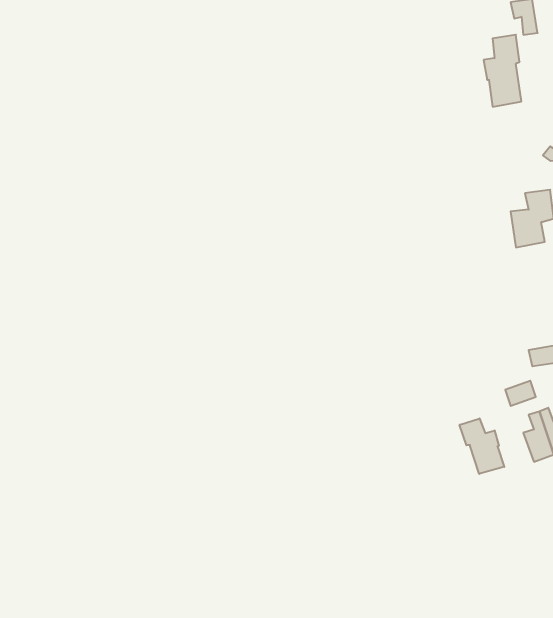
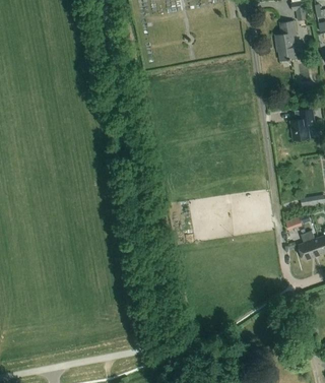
building: [460,418,504,474] -> none

